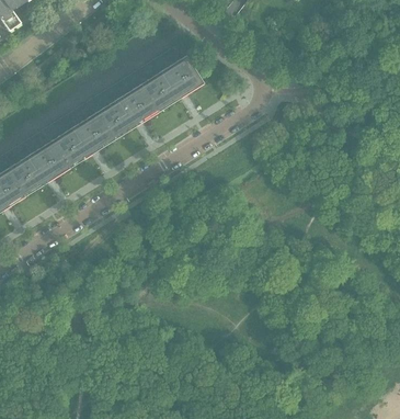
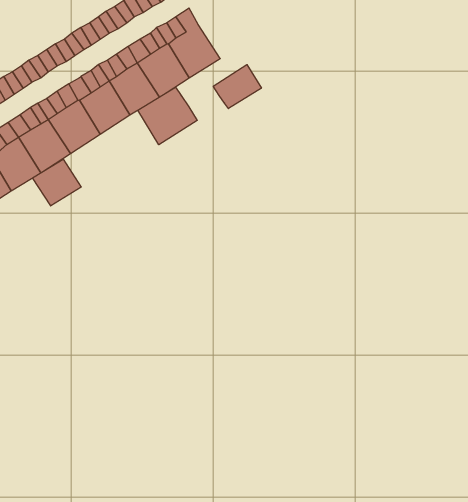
building: none -> [213,65,261,109]
building: none -> [138,87,197,145]
building: none -> [32,159,81,206]

